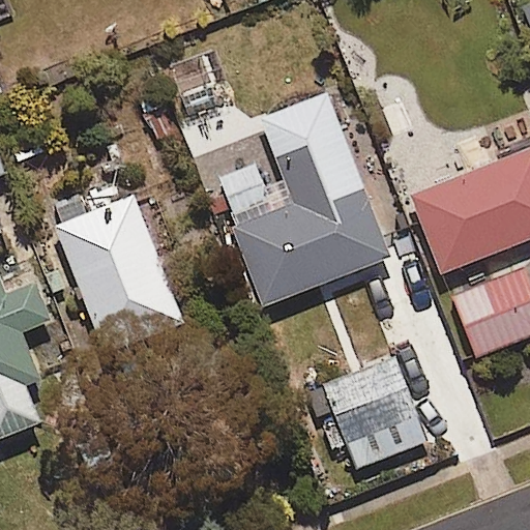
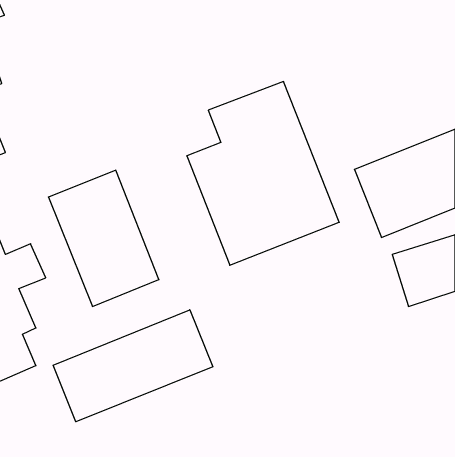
building: [323,356,424,466] -> none
building: none -> [53,310,213,422]

